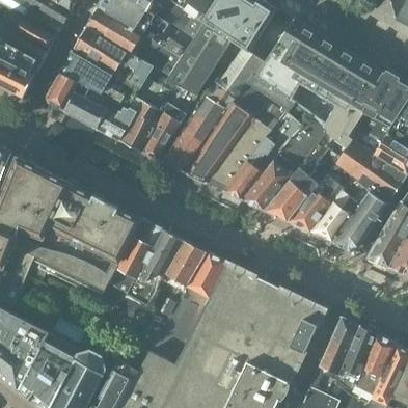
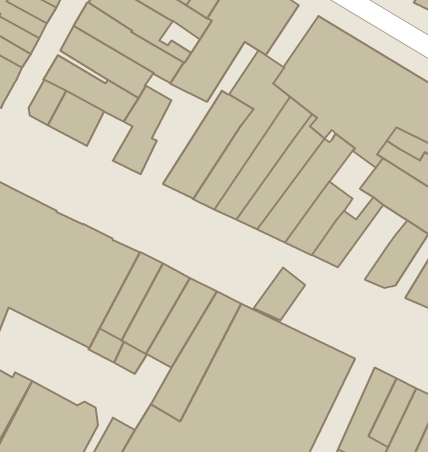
building: [142,84,196,159] -> none
building: [97,100,135,141] -> none
building: [309,197,353,242] -> [254,268,305,320]

